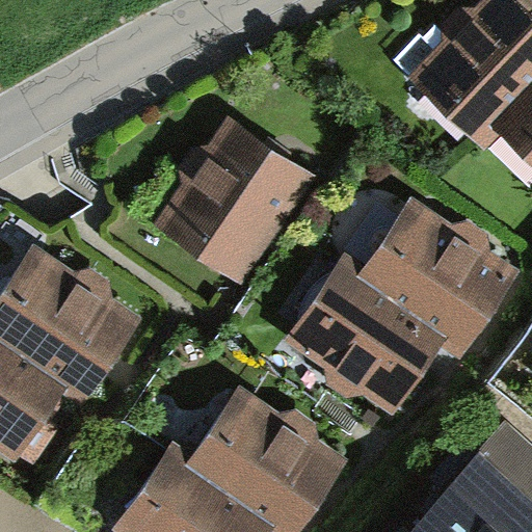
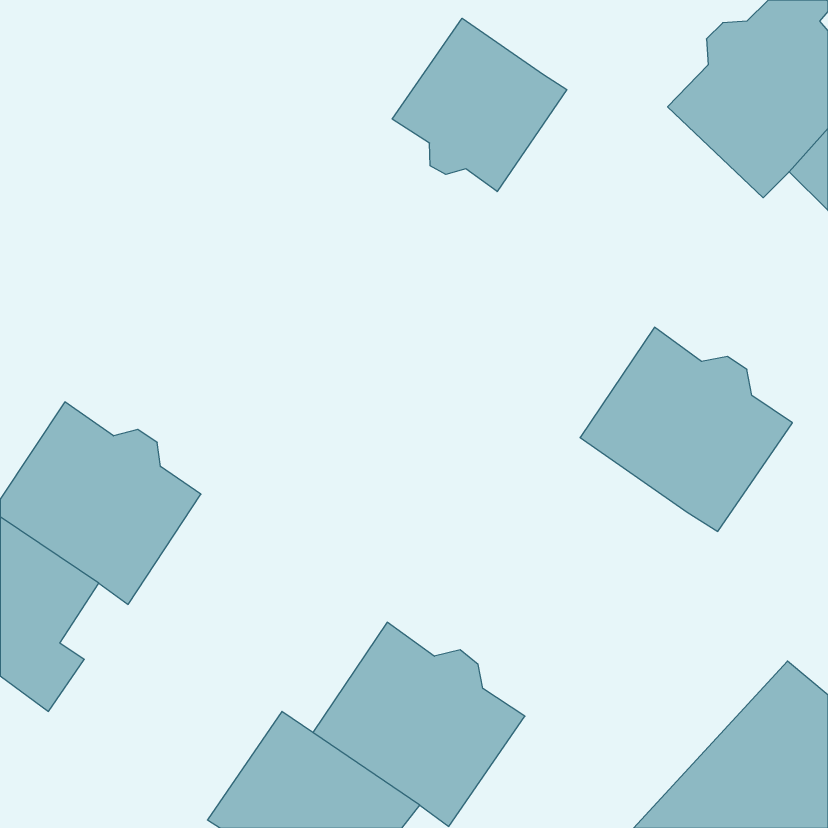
building: none -> [392,18,567,192]
building: [172,125,303,261] -> none
building: [304,267,441,398] -> none

